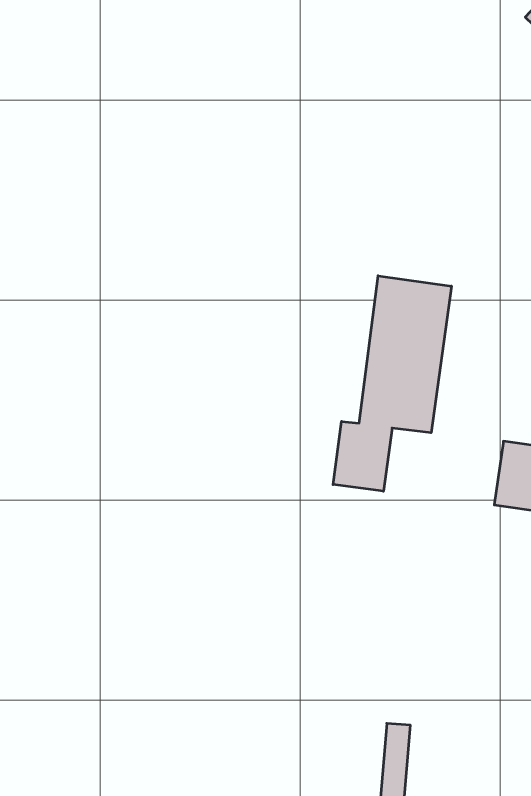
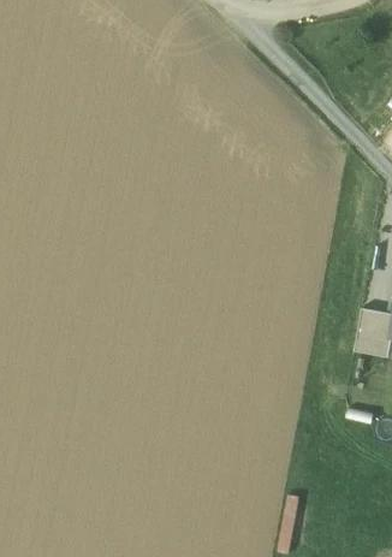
building: [333,276,451,491] -> none

